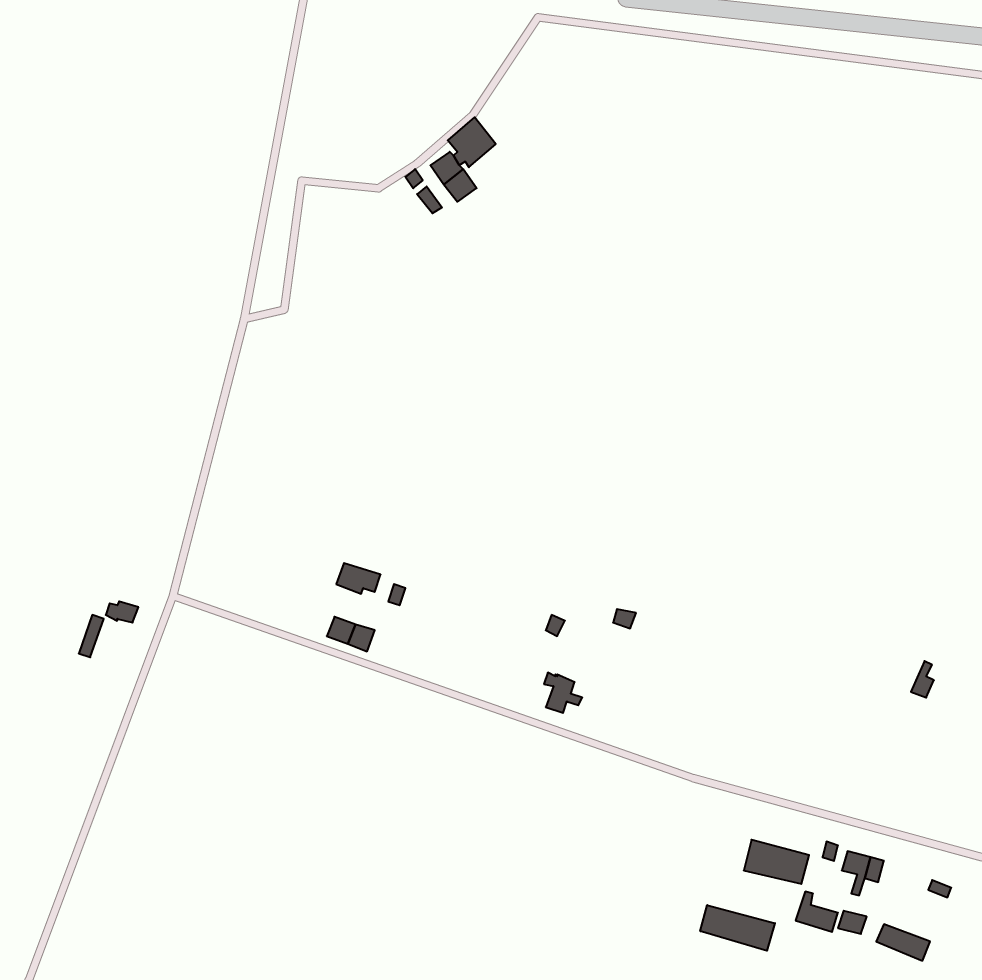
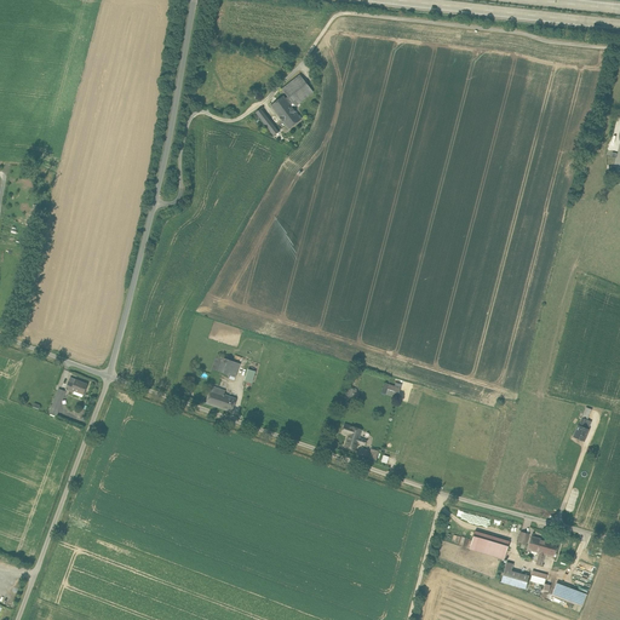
building: [700,905,775,951] -> none

